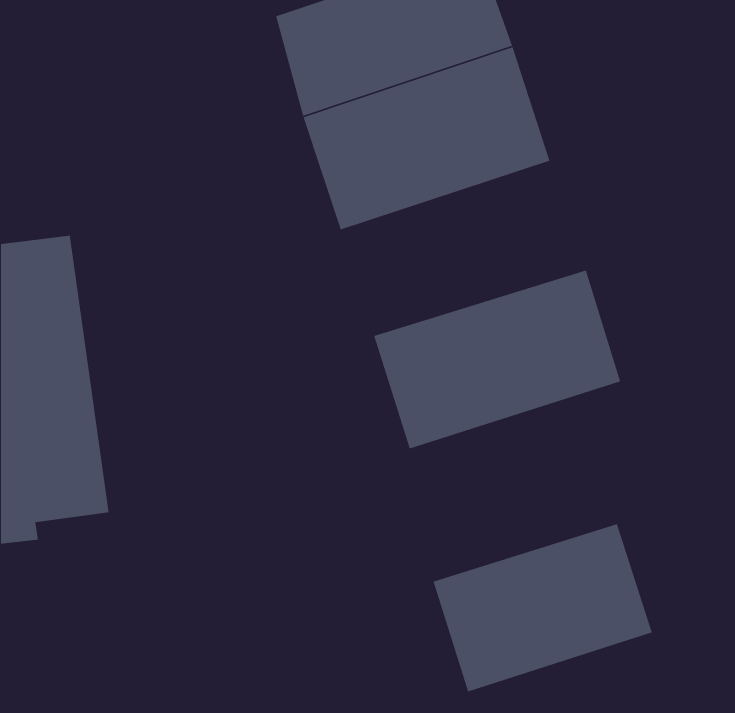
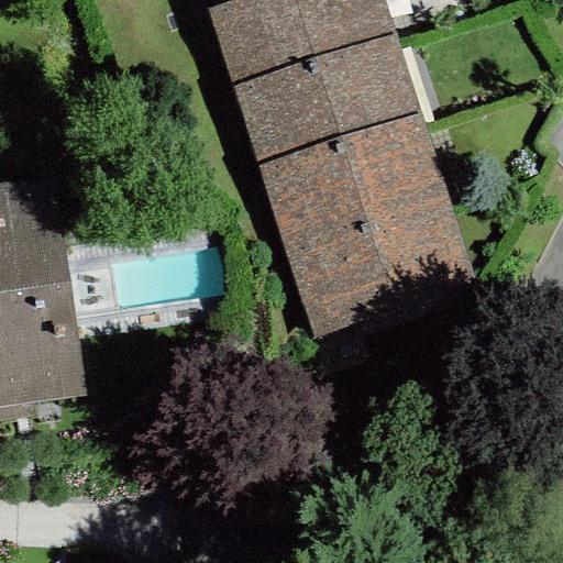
building: none -> [261,123,449,256]
building: [432,523,653,692] -> none

